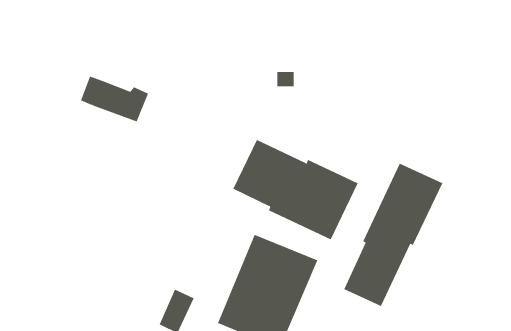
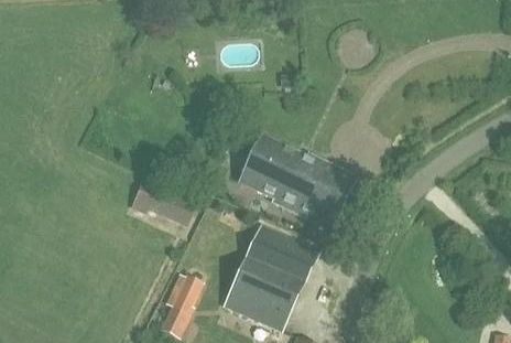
building: [80,76,149,122] -> [133,180,197,223]
building: [343,163,443,307] -> none

